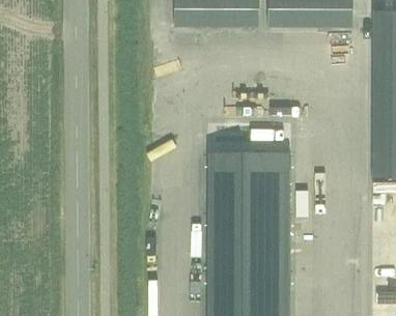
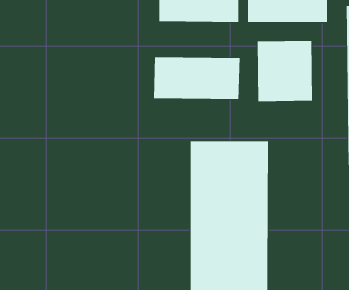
building: none -> [257,40,313,102]
building: none -> [153,56,240,100]

